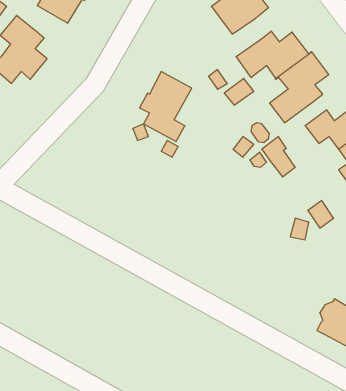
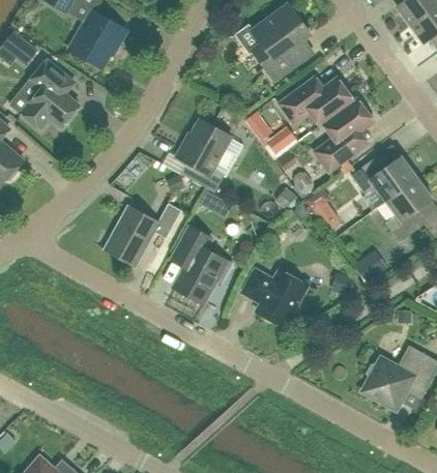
building: none -> [106,204,182,266]
building: none -> [172,227,233,304]
building: none -> [243,270,308,327]

